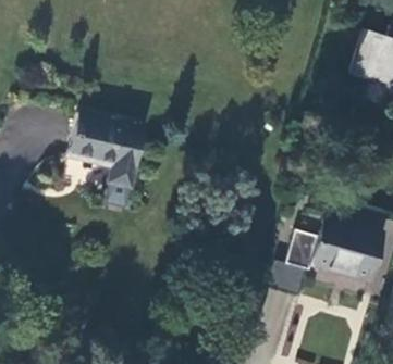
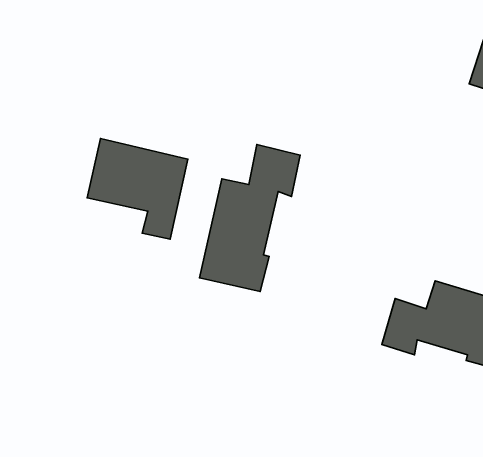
building: none -> [200,145,300,291]

